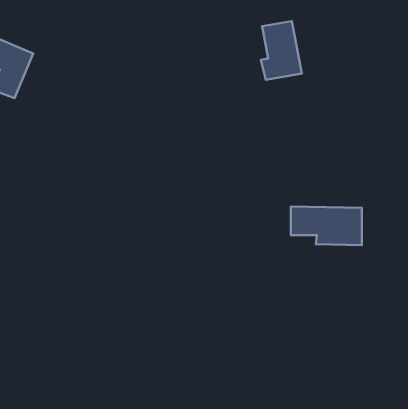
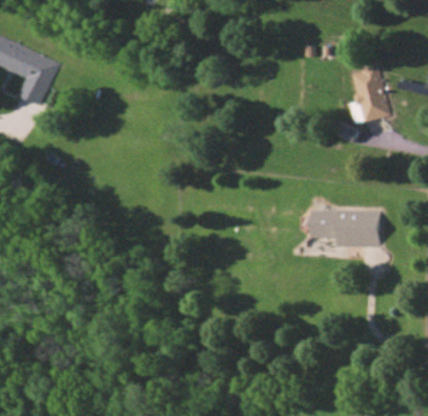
building: [261,21,302,80] -> [350,66,389,123]

